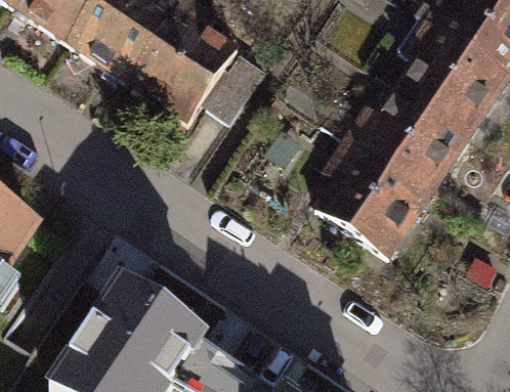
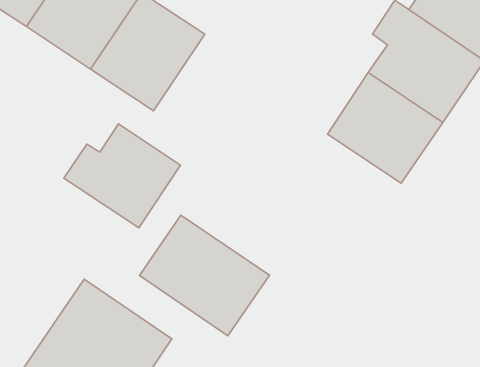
building: none -> [64,124,181,228]
building: [316,145,429,254] -> none
building: none -> [139,215,269,336]

